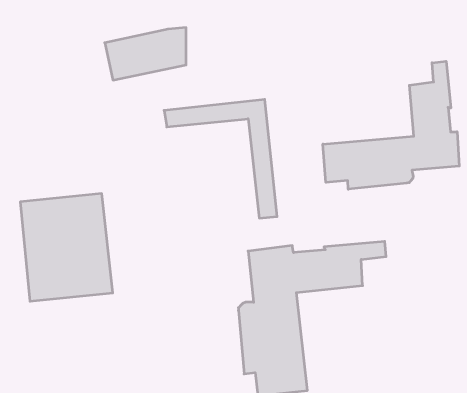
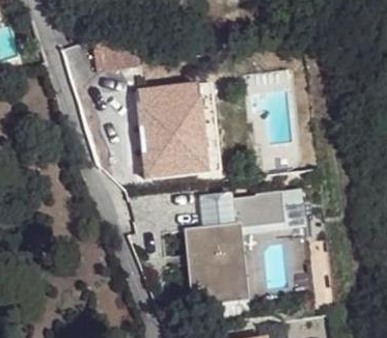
building: [323,61,459,189] -> none
building: [20,194,113,301] -> [138,96,208,177]

